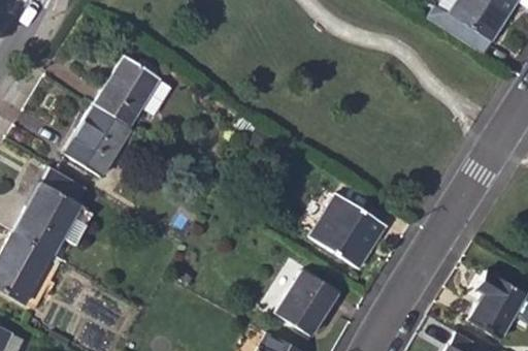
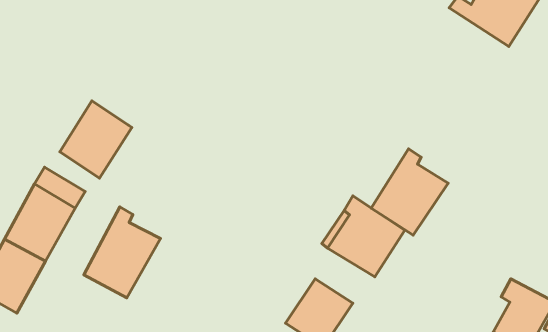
building: [95,56,160,127] -> none
building: none -> [371,149,448,235]
building: none -> [84,207,161,298]

